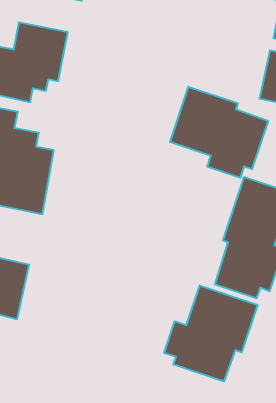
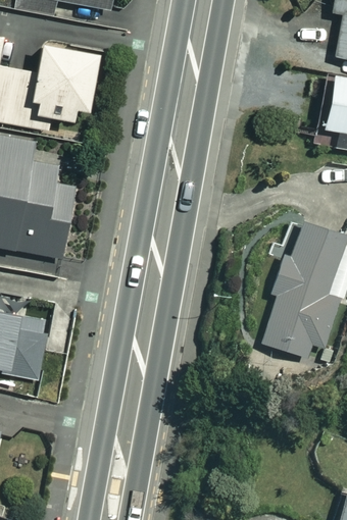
building: [170,87,268,178] -> none
building: [164,285,257,381] -> none

